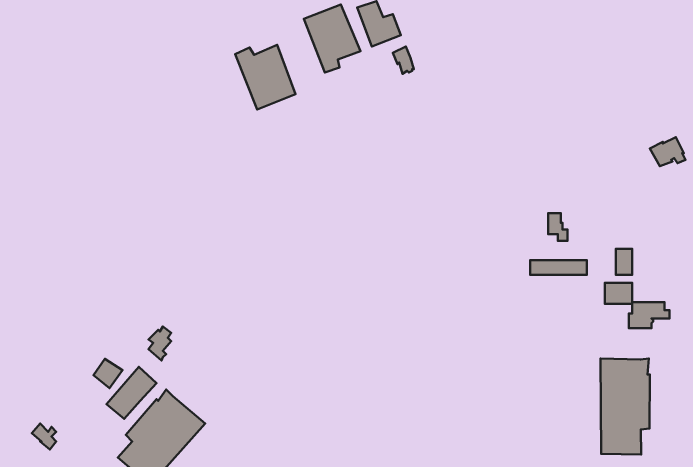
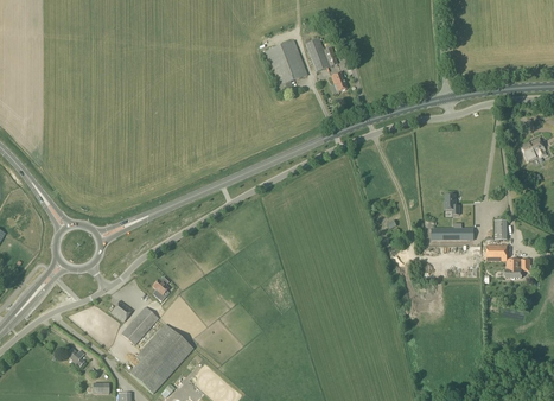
building: [235,45,296,110] -> none
building: [600,359,650,454] -> none

